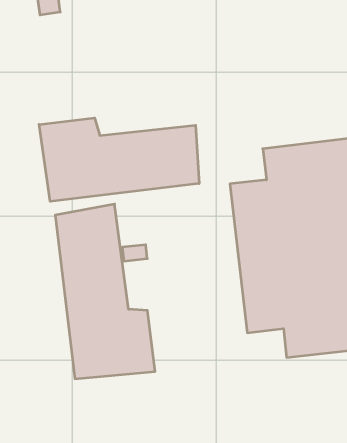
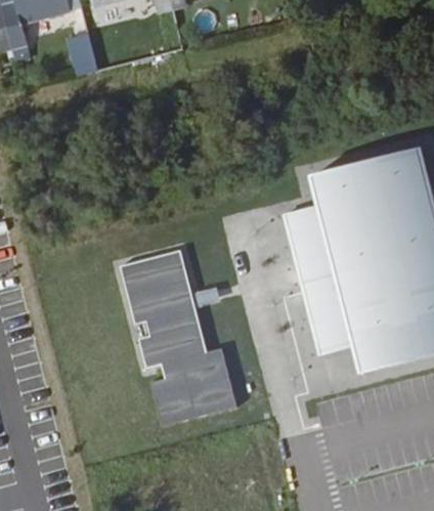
building: [39,118,199,201] -> none

